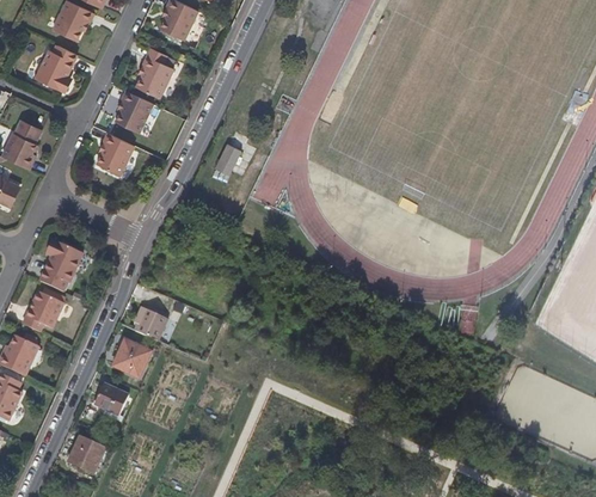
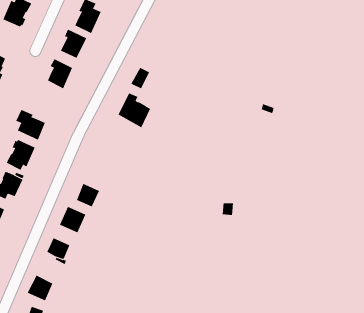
building: none -> [118,92,151,128]
building: none -> [16,109,46,140]

